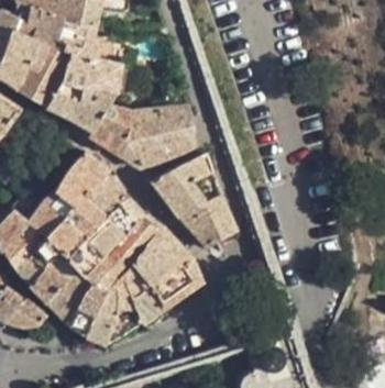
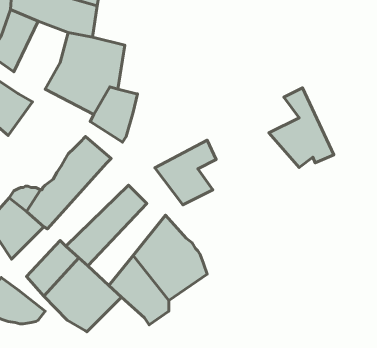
building: [16,41,68,106] -> none
building: [120,104,195,168] -> none
building: [177,173,239,248] -> [269,88,334,167]
building: [48,176,125,255] -> none
building: [87,214,161,292] -> none
building: [86,303,141,344] -> none

